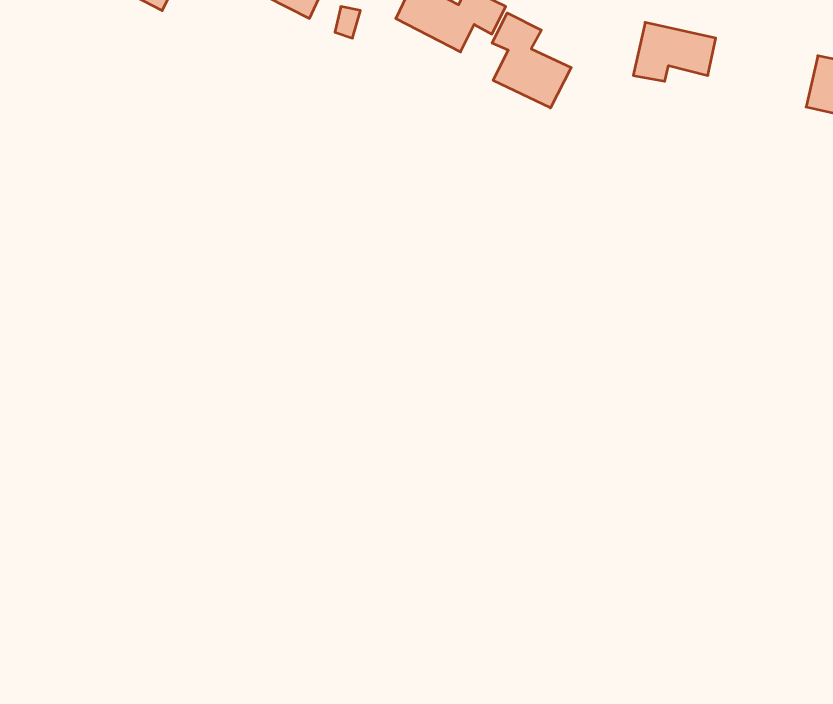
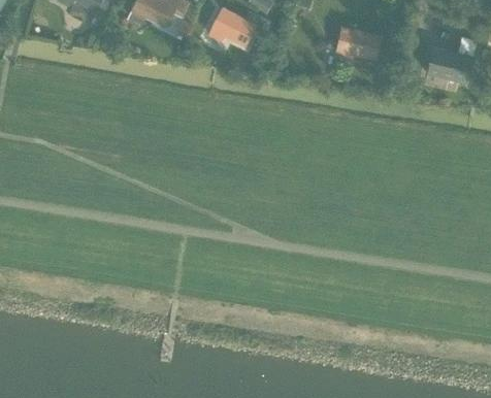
building: [492,13,571,108] -> none

